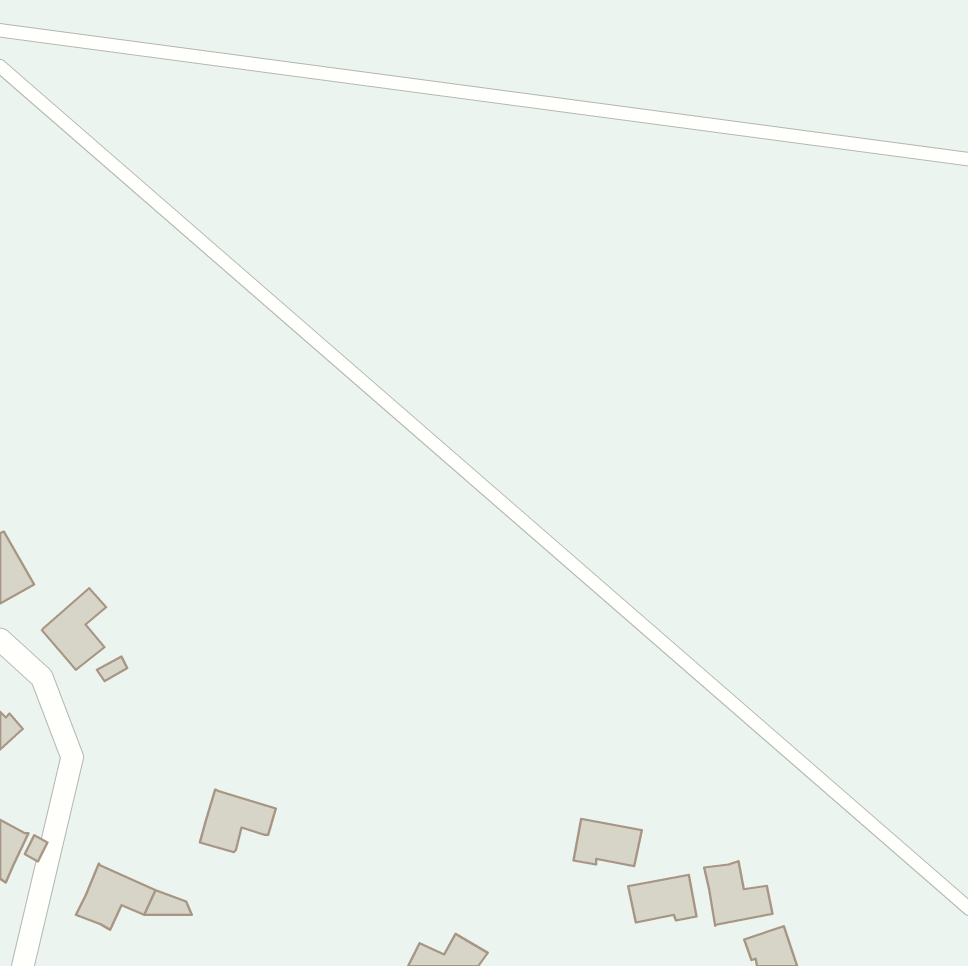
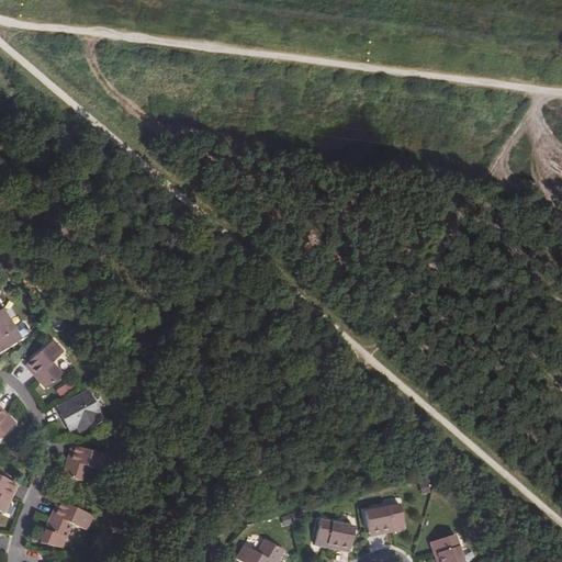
building: none -> [56,391,102,430]
building: [200,789,276,852] -> [63,445,106,481]
building: [574,819,642,866] -> [315,521,355,549]
building: [704,861,772,926] -> none

